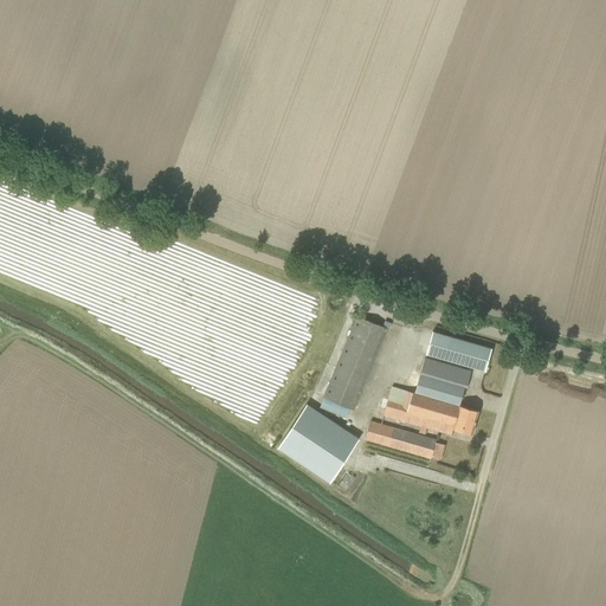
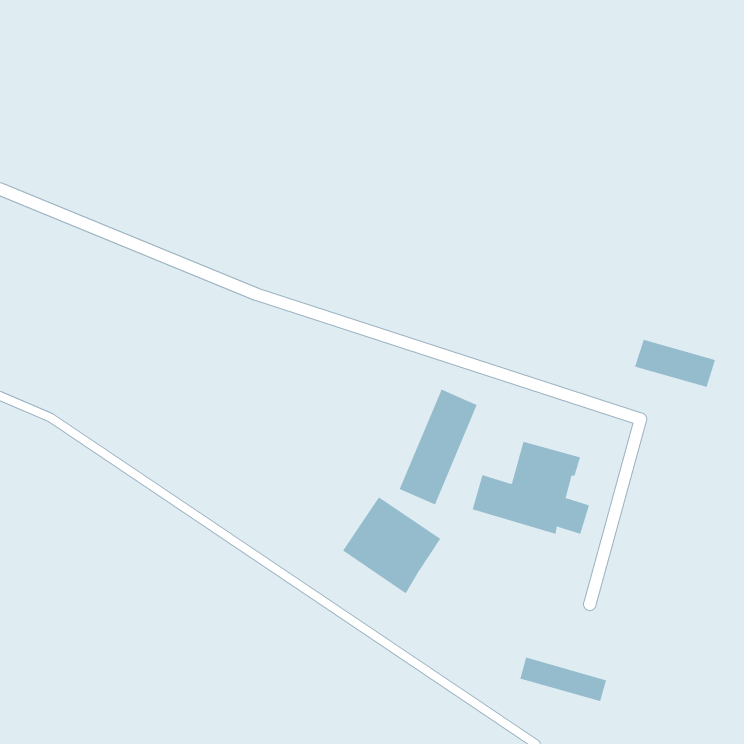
building: [426,331,492,370] -> [634,339,716,387]
building: [366,421,437,458] -> [520,657,607,702]

